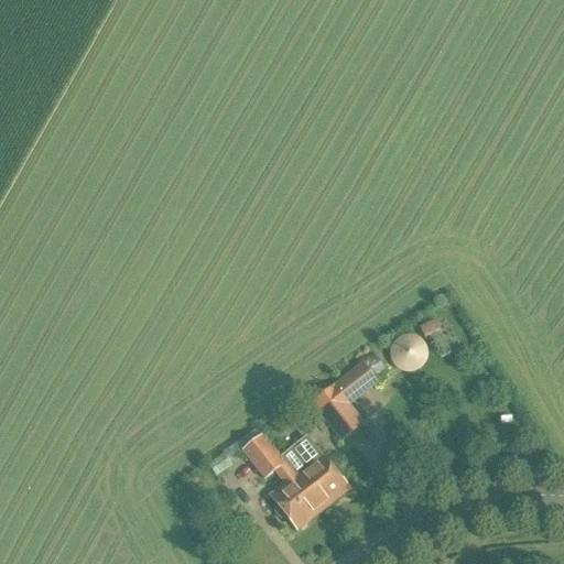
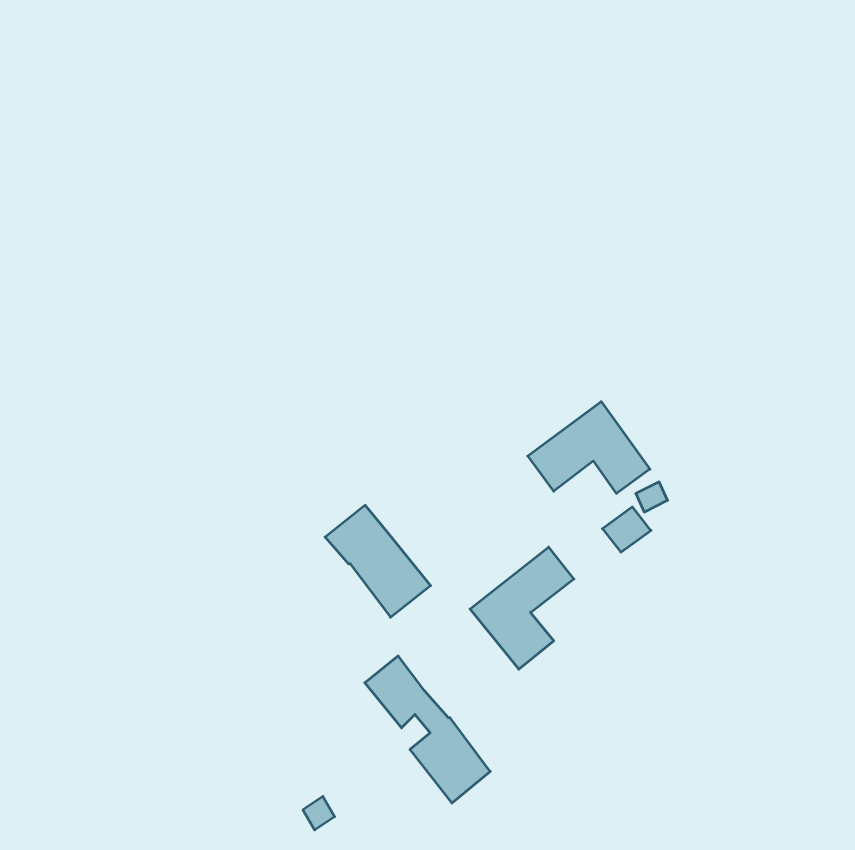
building: none -> [528,402,650,493]
building: [280,434,349,508] -> [325,505,431,617]

